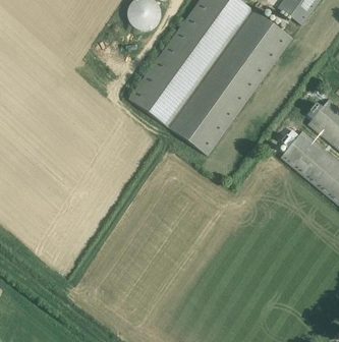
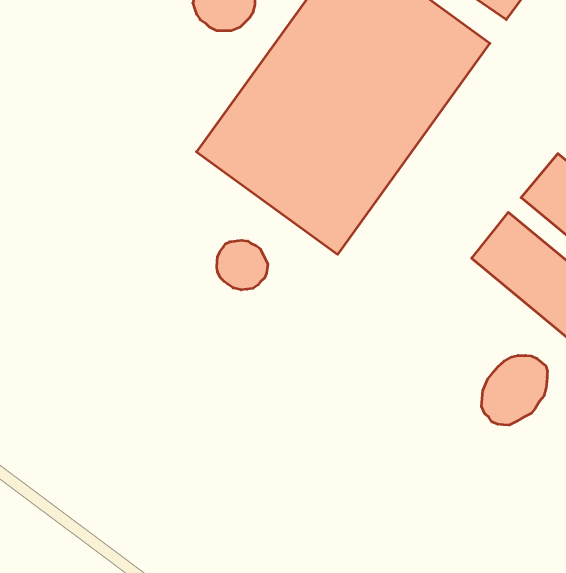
building: none -> [217,240,268,290]
building: none -> [482,355,547,425]

